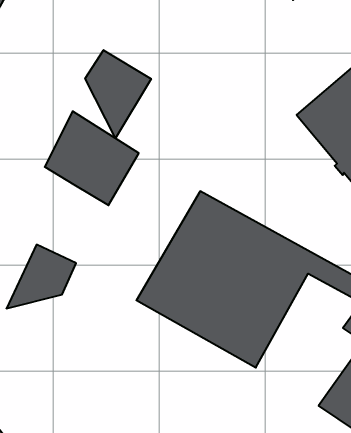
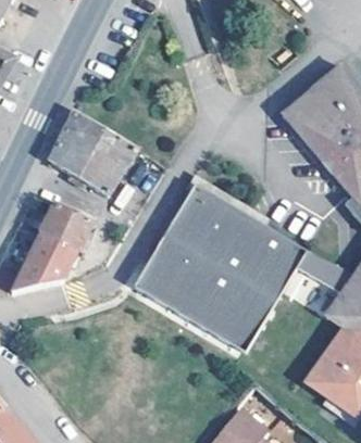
building: [85,50,151,138] -> none
building: none -> [40,202,91,250]

